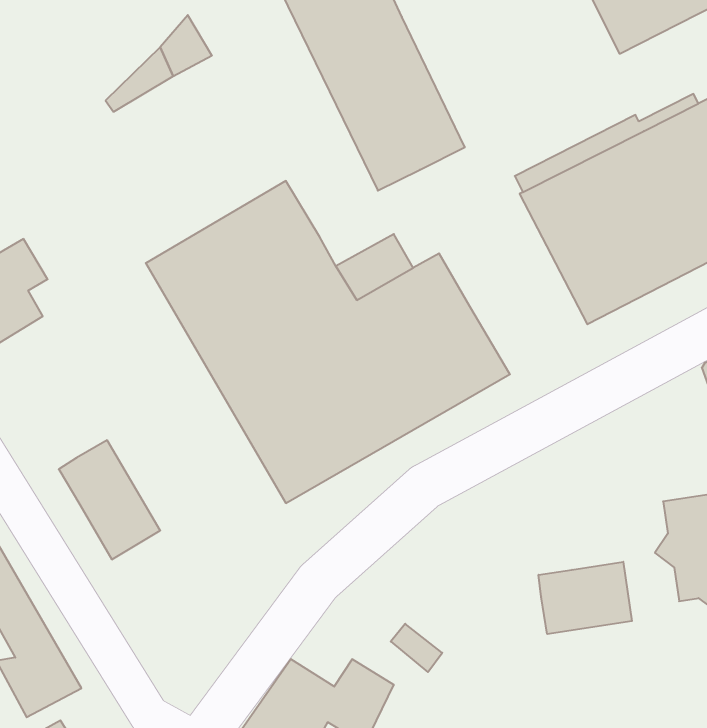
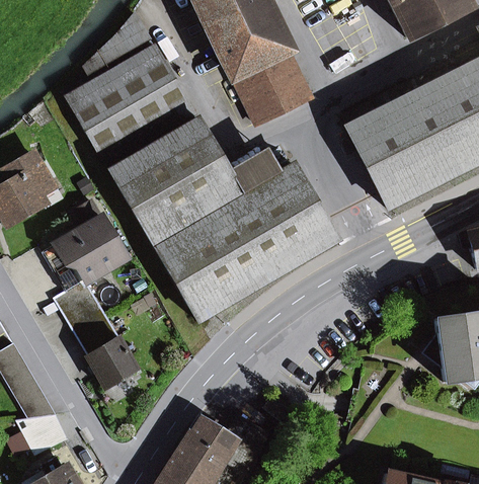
building: none -> [67,47,195,166]
building: none -> [44,201,126,293]
building: none -> [87,338,139,389]
building: [539,562,632,634] -> none

